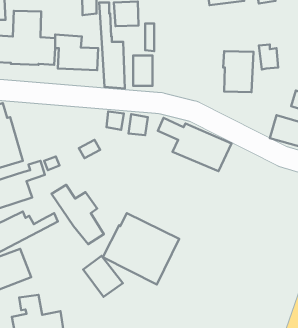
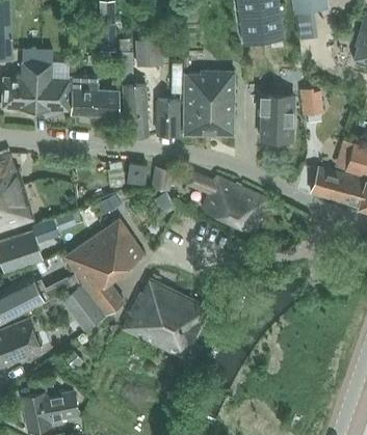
building: none -> [184,72,234,135]
building: none -> [81,219,143,273]
building: [83,256,123,297] -> [60,284,105,331]

